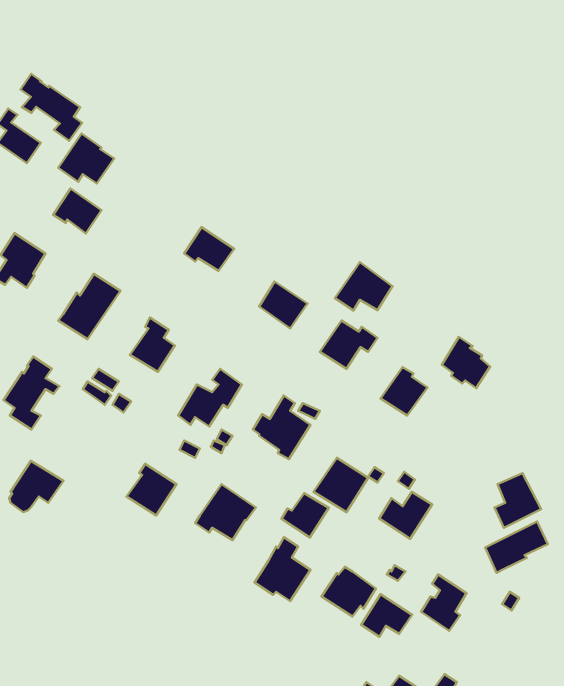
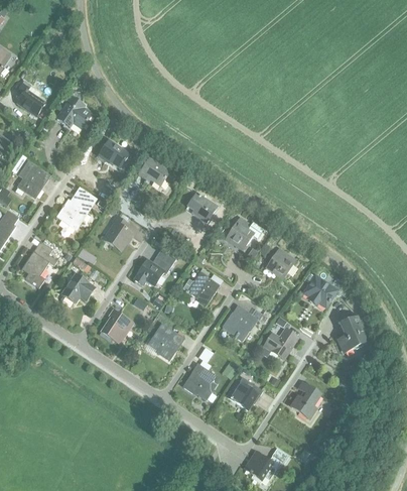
building: [20,74,82,141] -> none
building: [53,188,102,234] -> [98,138,129,167]
building: [335,262,393,310] -> none
building: [442,337,490,388] -> [303,274,334,308]
building: [9,461,64,512] -> [60,273,96,306]
building: [282,493,329,537] -> none
building: [485,521,548,573] -> none
building: [361,594,412,637] -> none

